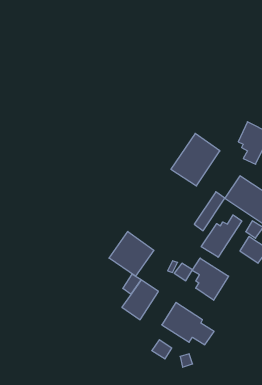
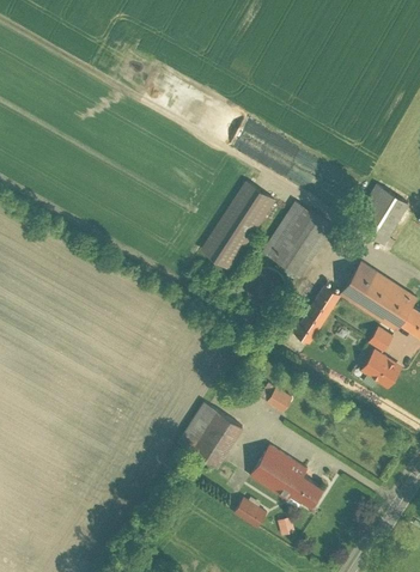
building: none -> [201,181,274,269]
building: [201,215,242,257] -> none
building: [109,231,154,276] -> none
building: [192,258,229,300] -> none

